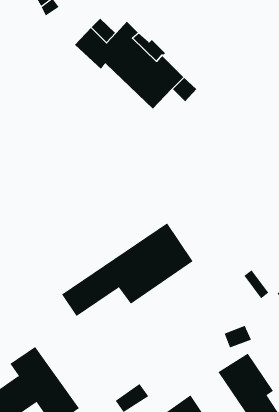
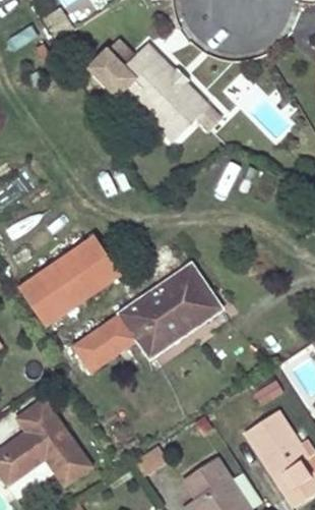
building: none -> [20,235,119,323]

